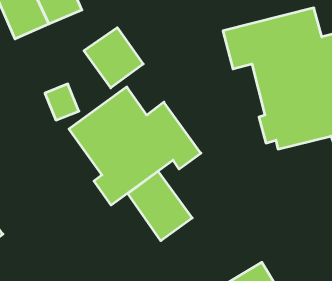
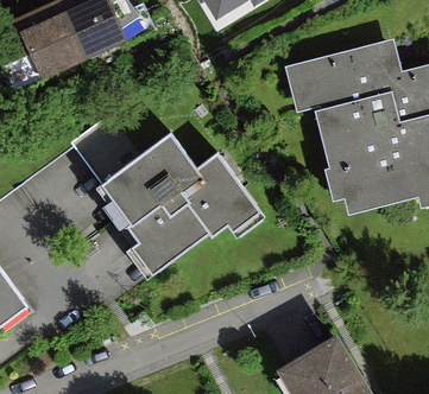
building: [84,28,143,88] -> none
building: [128,171,192,241] -> none

